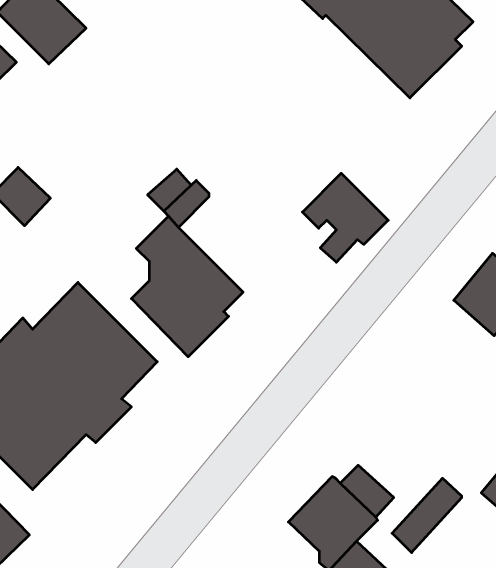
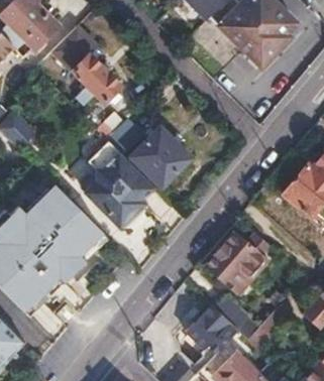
building: none -> [53,26,118,104]
building: [302,173,388,262] -> [137,129,191,184]
building: none -> [207,232,279,292]

